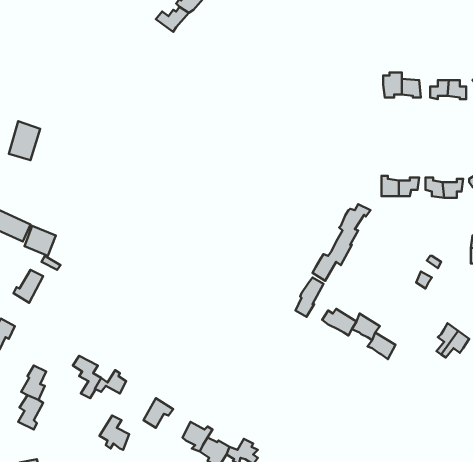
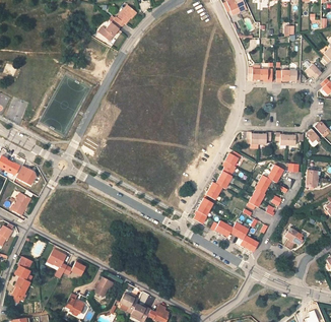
building: none -> [246,165,283,210]

